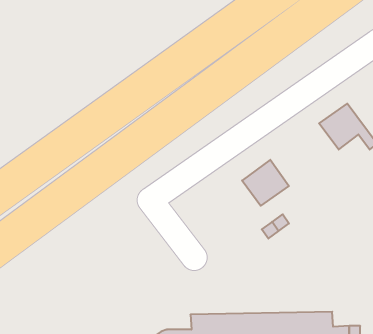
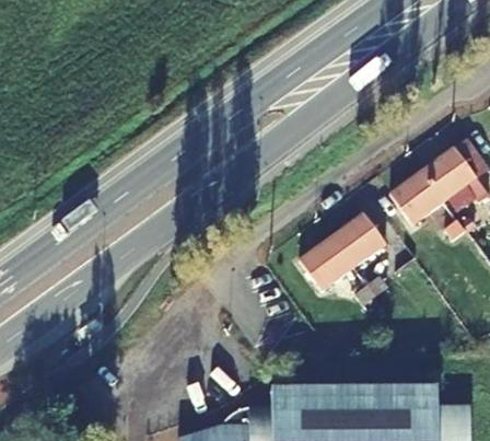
building: none -> [392,169,444,258]
building: none -> [300,235,353,288]

